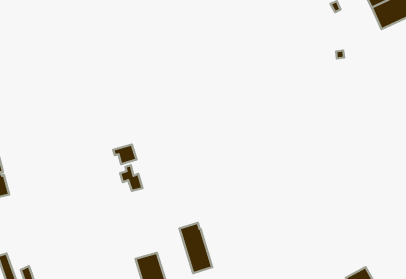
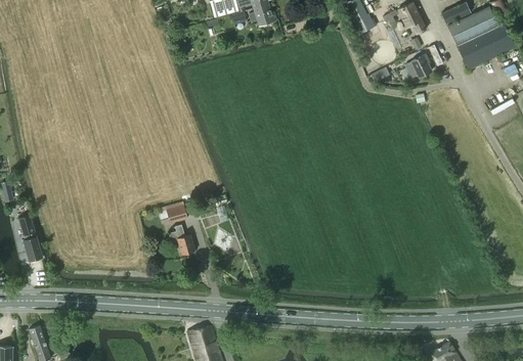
building: none -> [404,53,432,78]
building: [179,223,212,273] -> none

